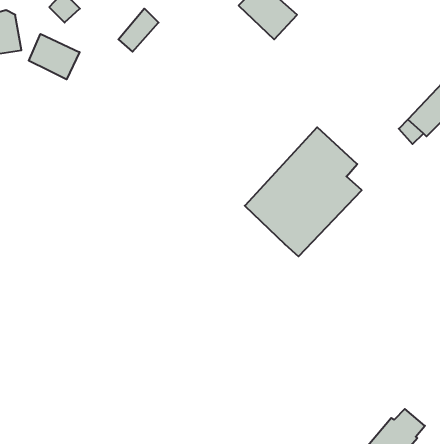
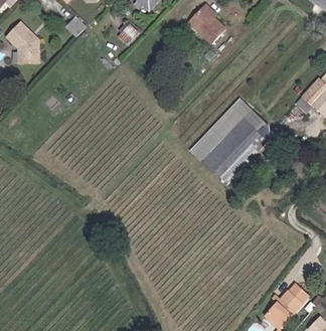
building: [29,34,80,79] -> none

